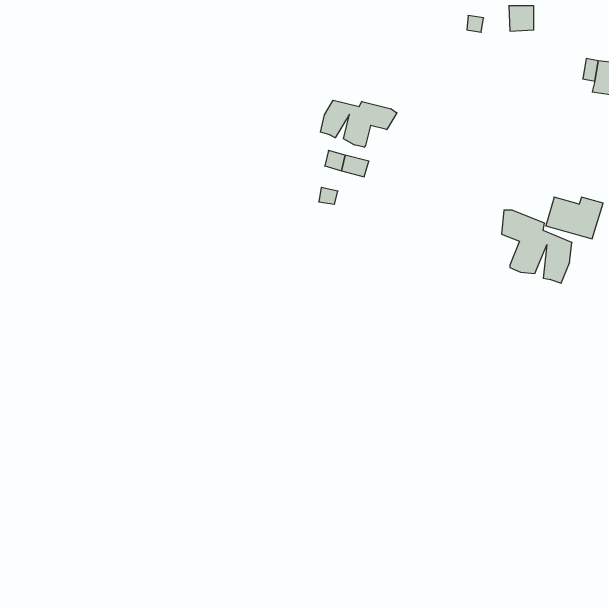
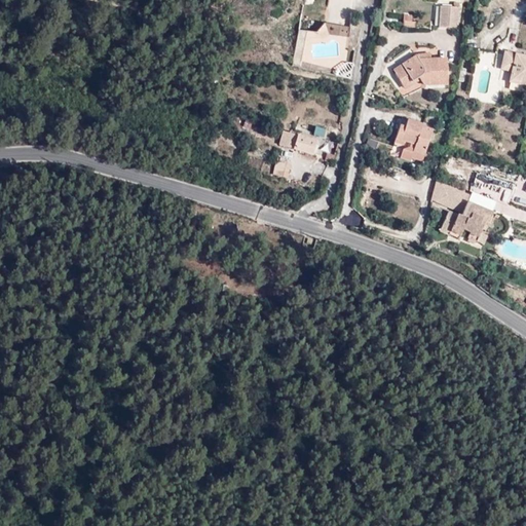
building: none -> [391,48,451,99]
building: [320,100,397,147] -> none
building: none -> [393,115,434,162]

